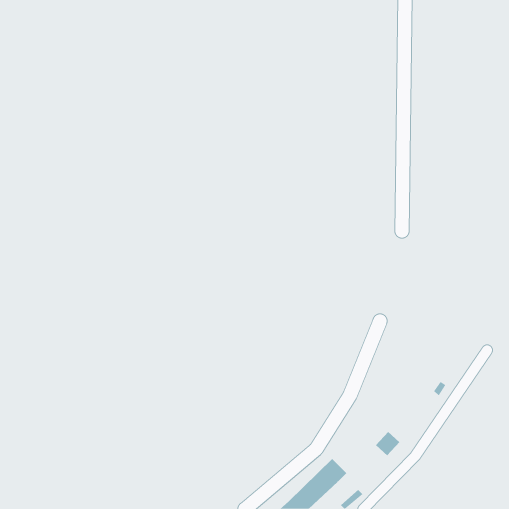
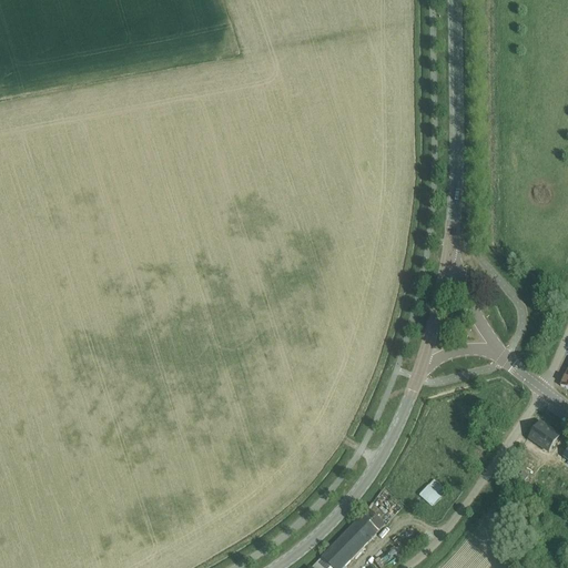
building: none -> [528,420,558,455]

